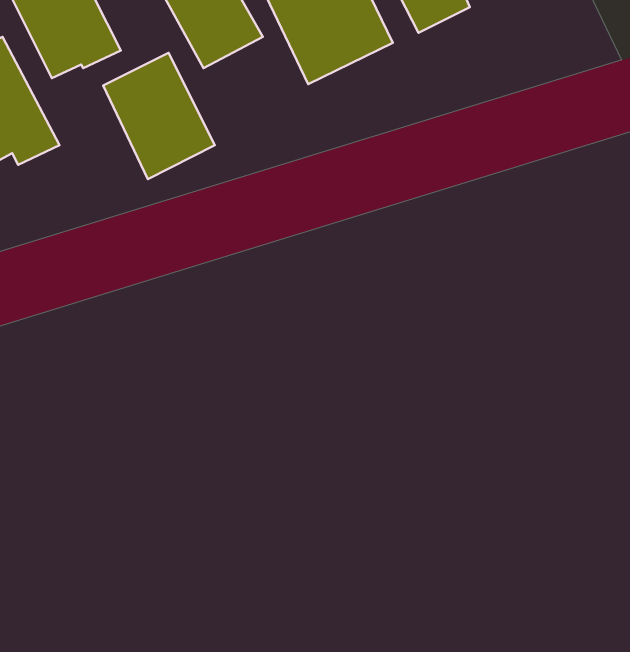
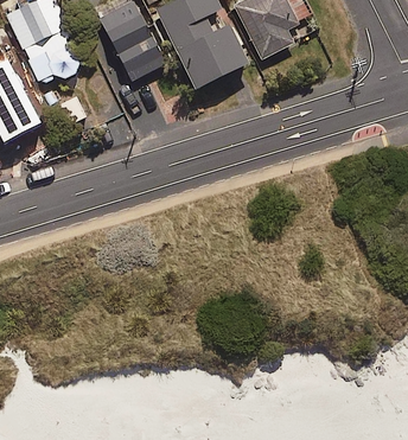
building: [103,53,215,179] -> none

